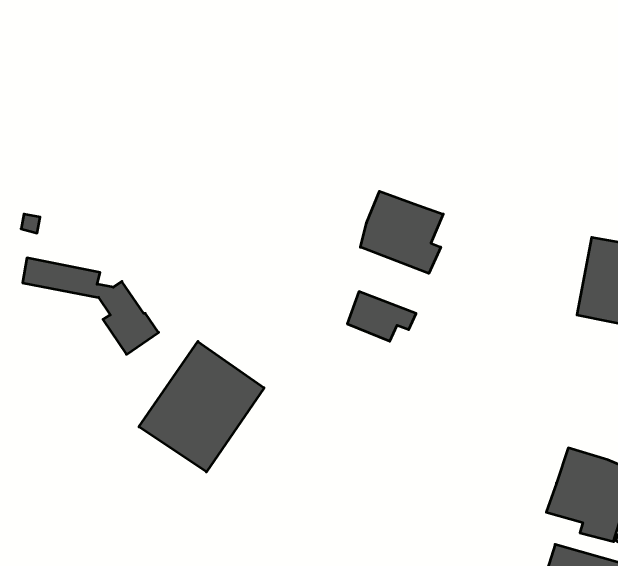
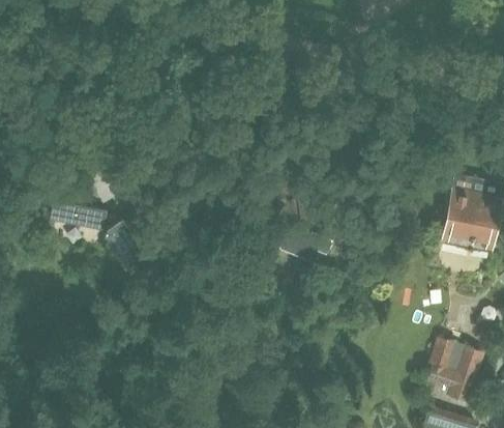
building: [360,191,443,273] -> none
building: [139,341,264,472] -> none

